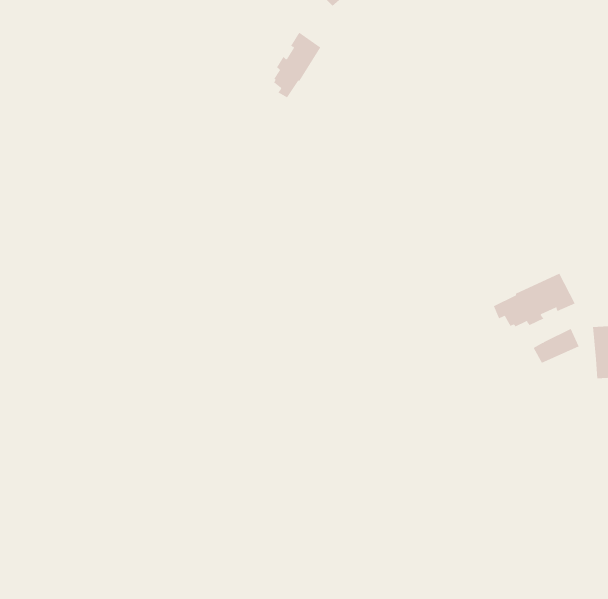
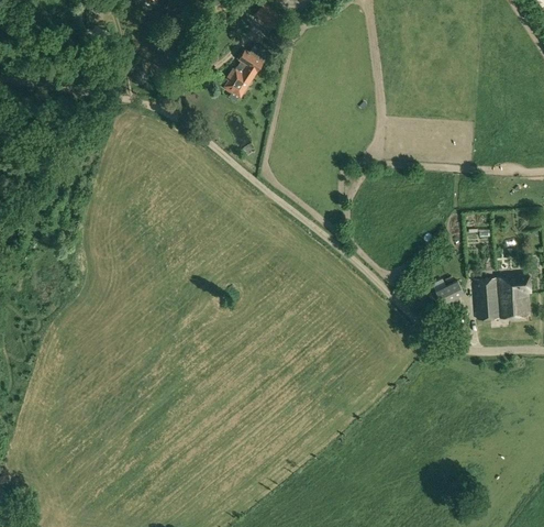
building: [493,273,576,327] -> none

